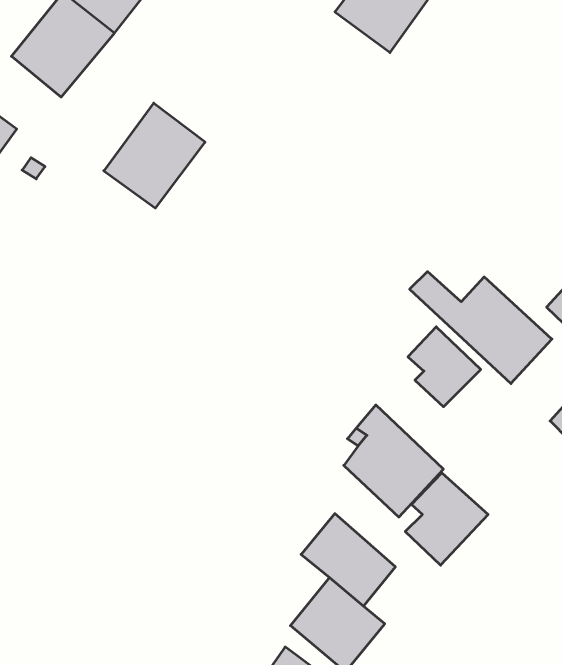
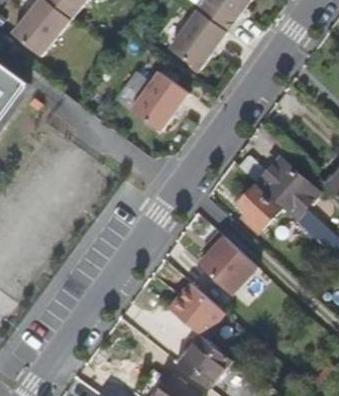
building: none -> [170,9,228,70]
building: [104,103,205,208] -> [130,72,188,131]
building: [405,473,488,565] -> none

